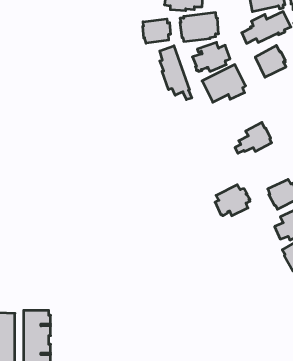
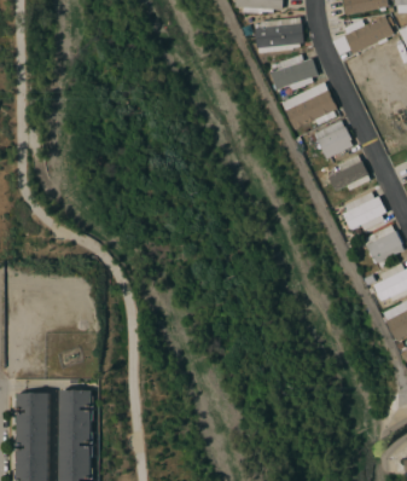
building: [143,19,170,43] -> none
building: [255,45,286,77] -> [314,120,353,160]
building: [160,46,192,100] -> none
building: [215,185,250,216] -> [343,192,386,231]

